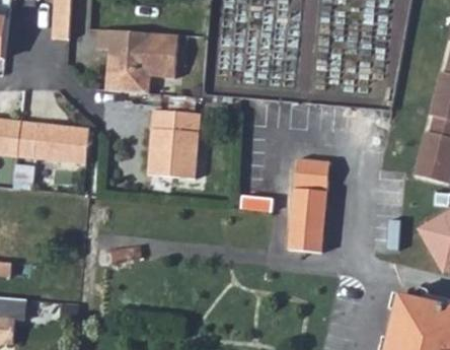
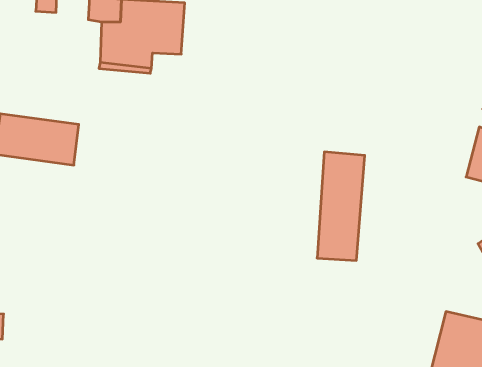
building: [146,107,200,178] -> none

